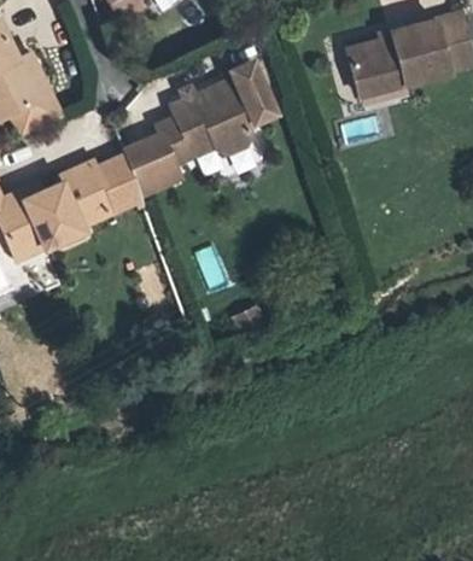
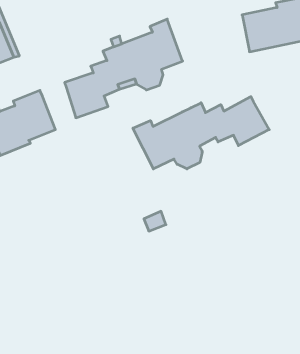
building: none -> [133,97,269,169]
building: [97,154,142,210] -> none

